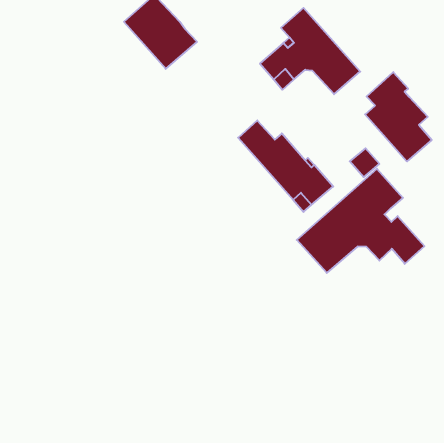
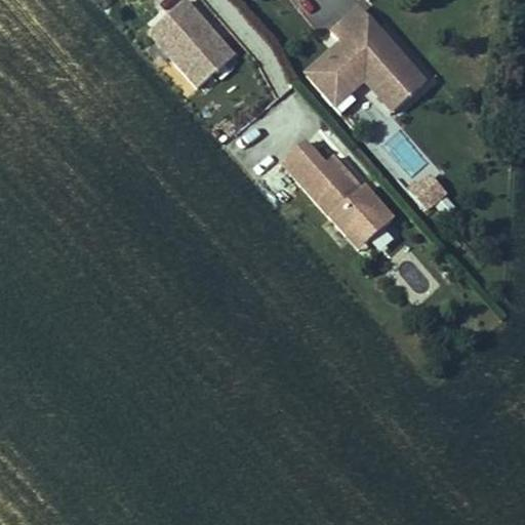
building: [365,72,432,161] -> none
building: [297,169,424,273] -> none

